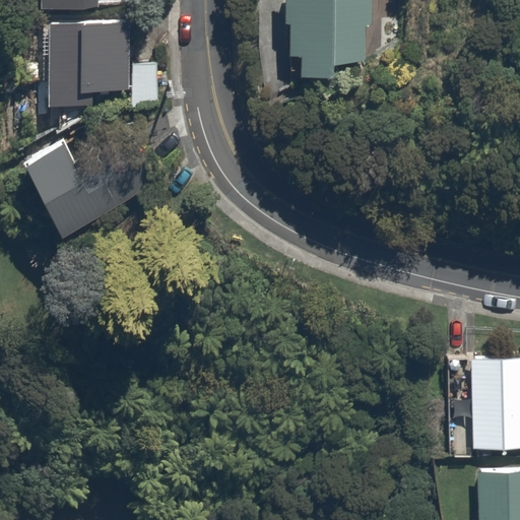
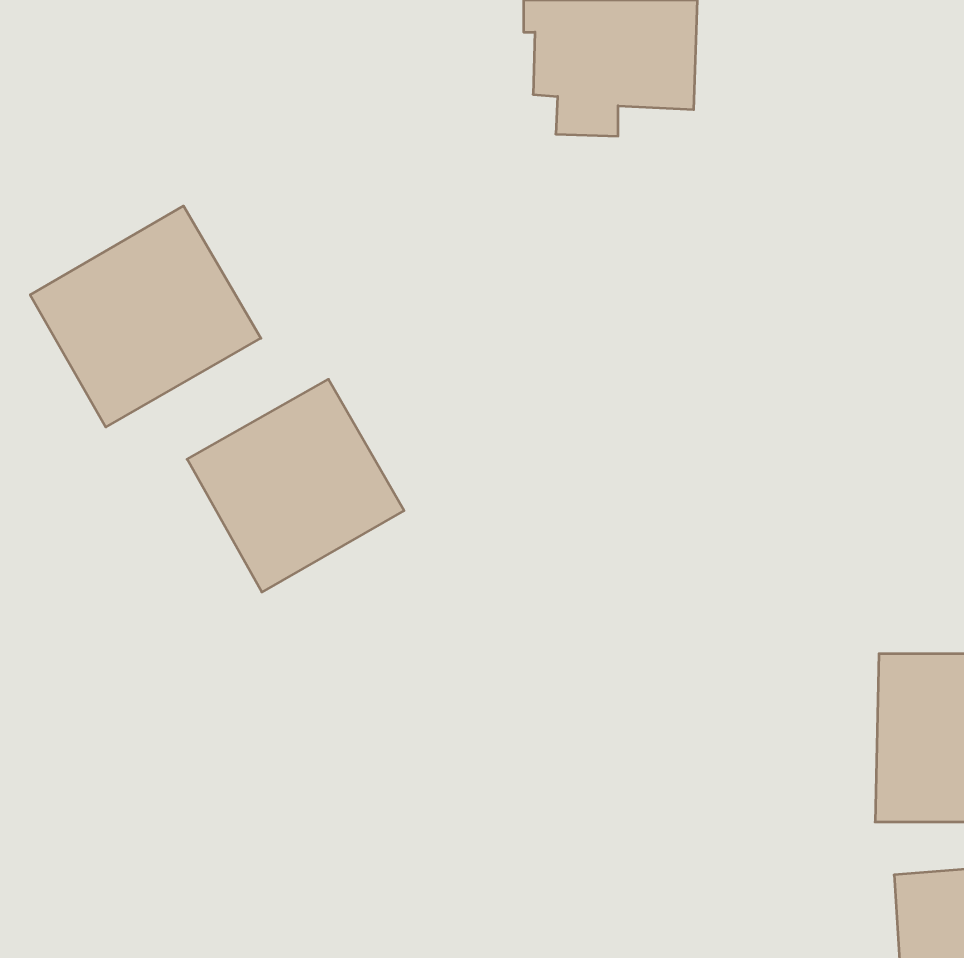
building: [45,22,159,110] -> none
building: none -> [187,379,404,592]

